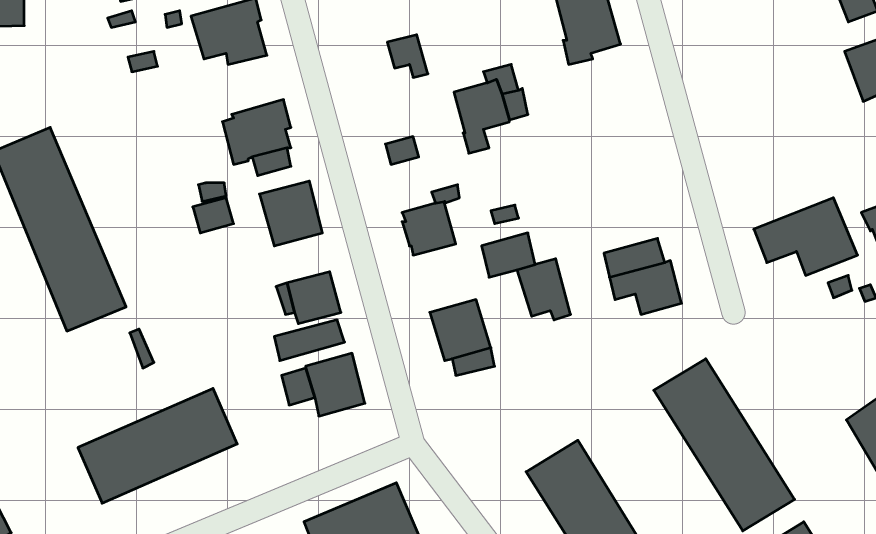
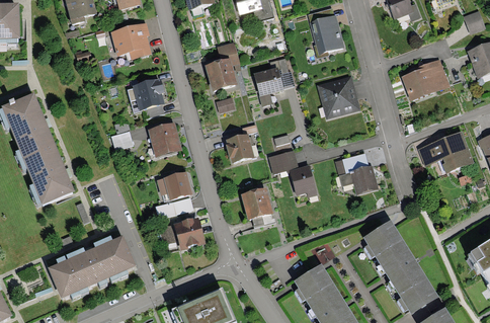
building: none -> [205,59,236,91]
building: none -> [401,59,450,101]
building: none -> [316,75,360,119]

